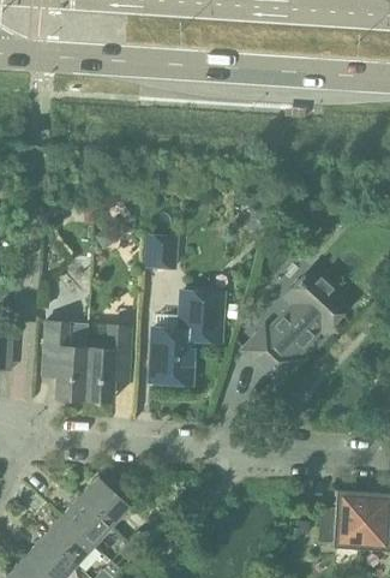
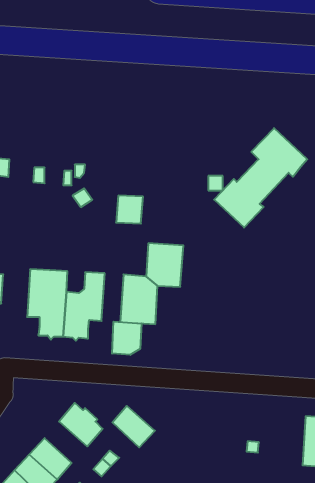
building: [242,268,350,383] -> [214,128,307,228]
building: none -> [112,322,142,355]
building: [318,490,365,548] -> none
building: [62,497,112,546] -> [112,406,155,447]

